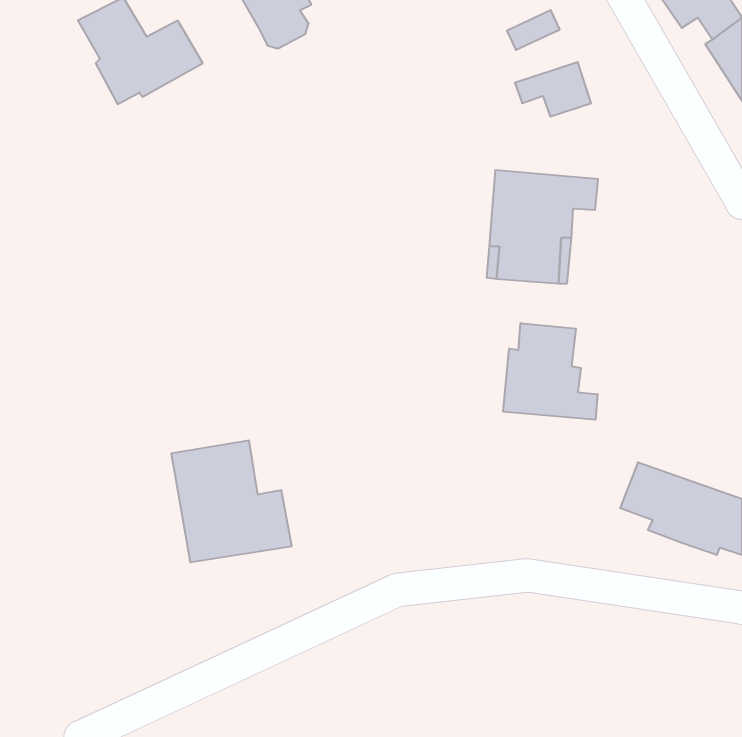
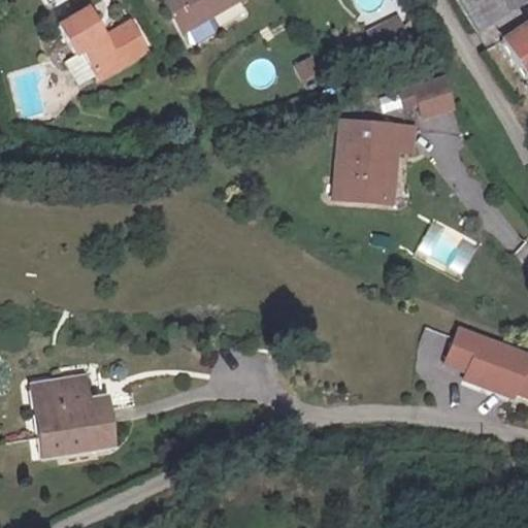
building: [515,62,591,116] -> [406,76,460,114]
building: [503,323,597,420] -> none
building: [171,440,292,562] -> [32,375,117,461]

